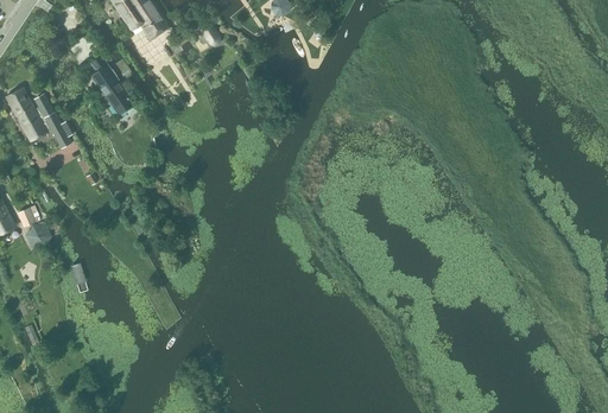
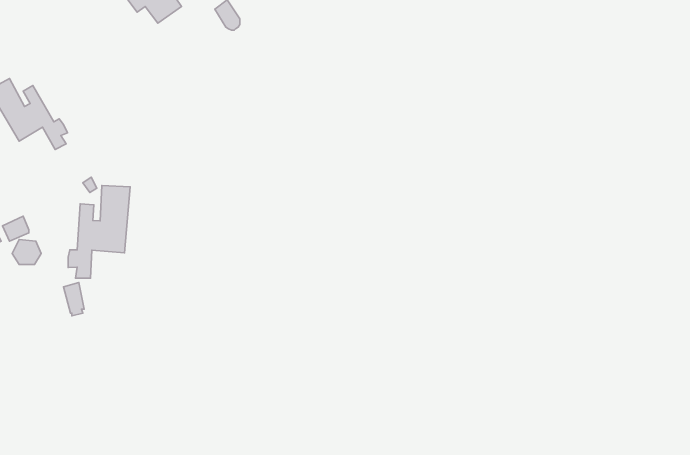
building: [91,57,134,116] -> none
building: none -> [68,186,130,278]

